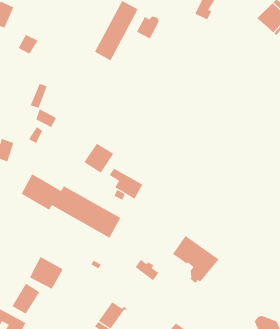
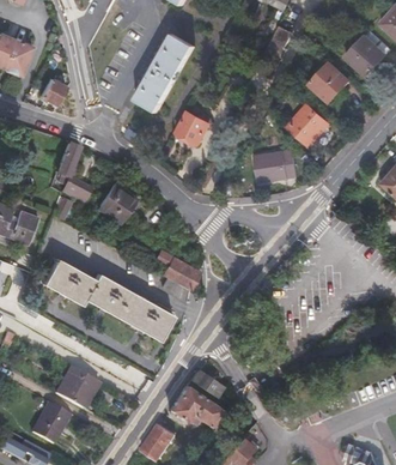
building: [136,16,159,39] -> [181,113,211,143]
building: none -> [315,66,354,107]
building: none -> [288,105,329,145]
building: none -> [255,152,294,182]
building: [83,143,114,173] -> [95,185,134,224]
building: [172,235,219,284] -> [169,384,230,446]

